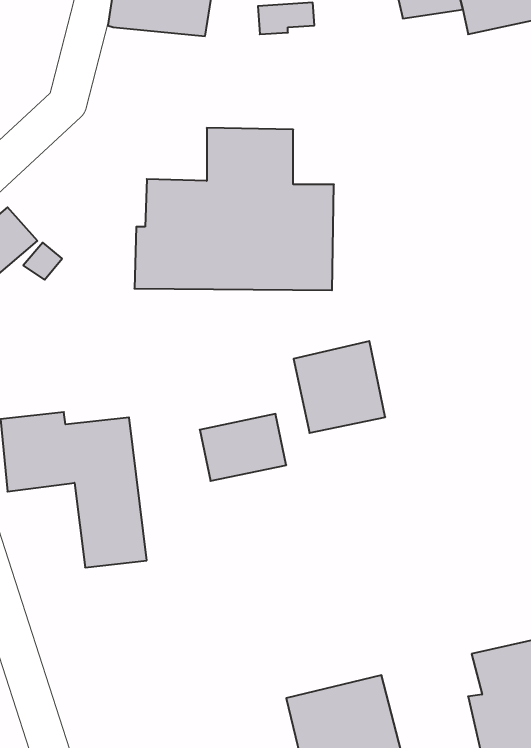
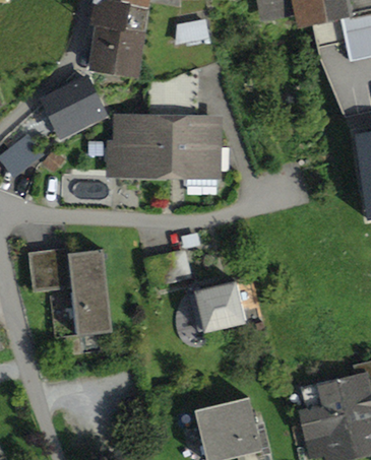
building: none -> [88,25,146,78]
building: none -> [39,76,106,141]
building: [294,341,385,433] -> [193,281,246,334]

